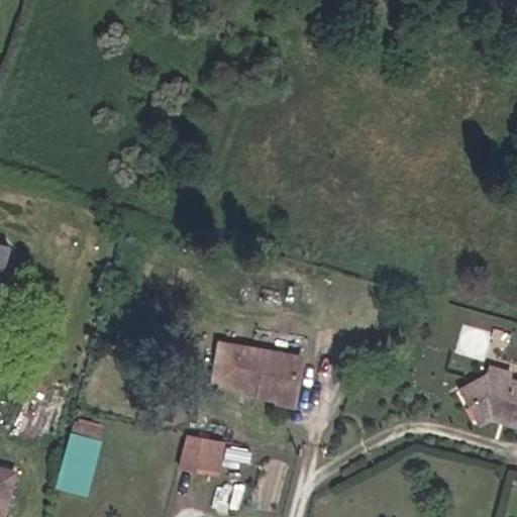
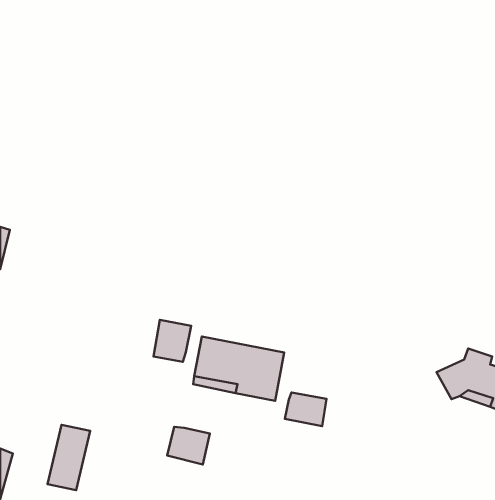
building: none -> [153,320,191,362]
building: none -> [285,392,327,426]

